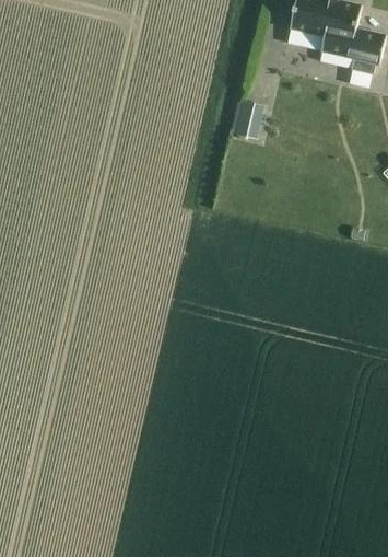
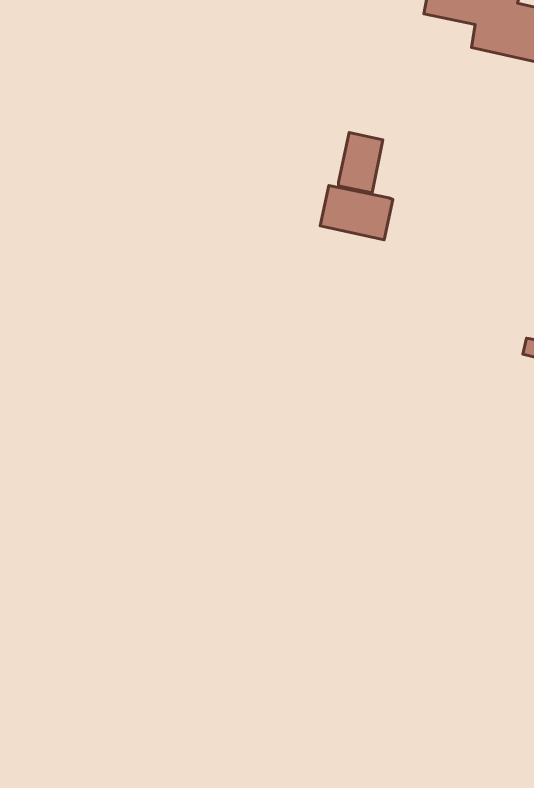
building: none -> [320,185,393,240]

